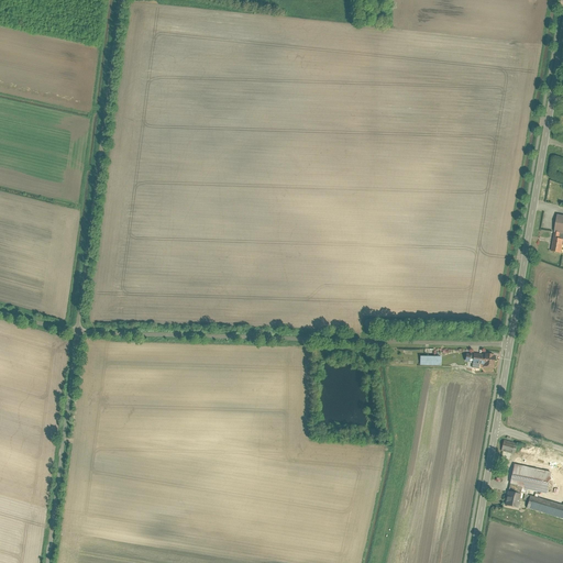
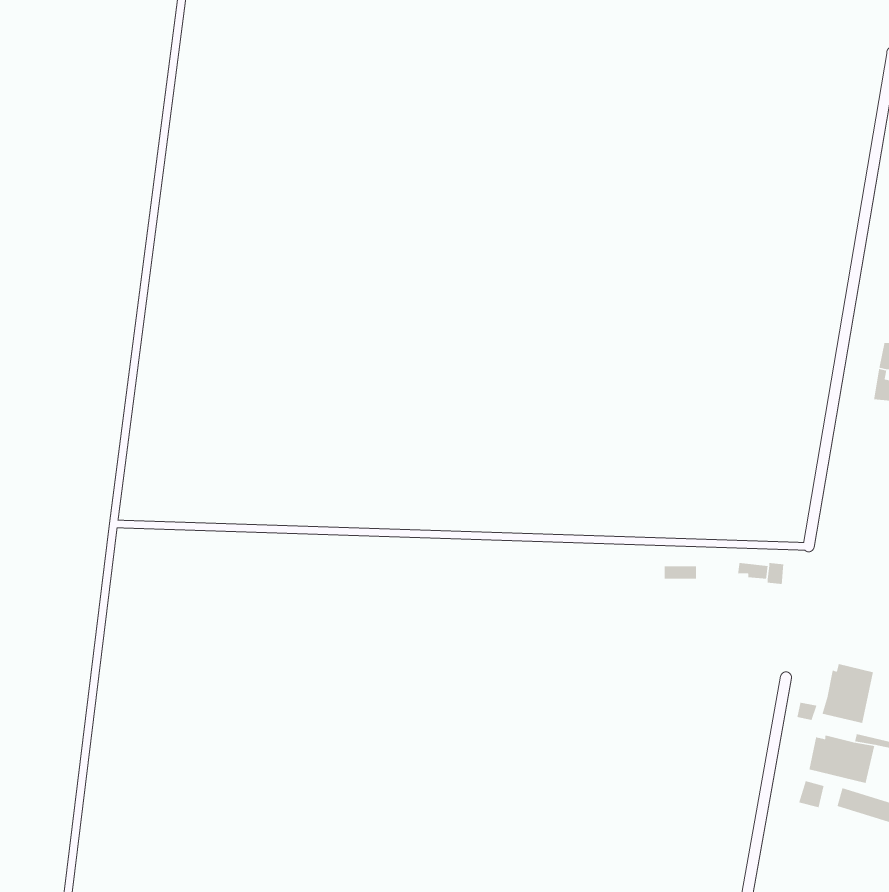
building: none -> [821,663,874,724]

